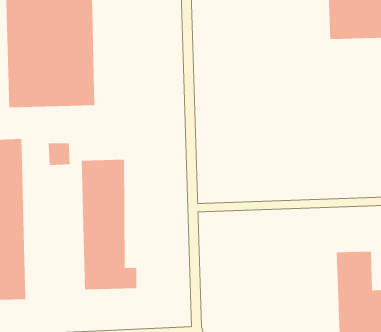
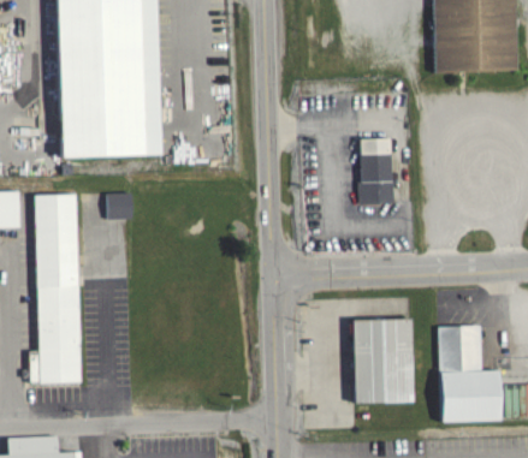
building: none -> [358,145,392,212]
building: [81,159,137,290] -> none
building: none -> [356,320,417,403]

